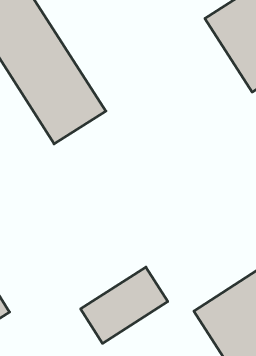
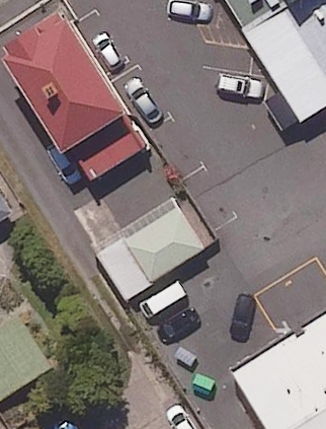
building: [81,267,168,343] -> [109,210,207,295]

